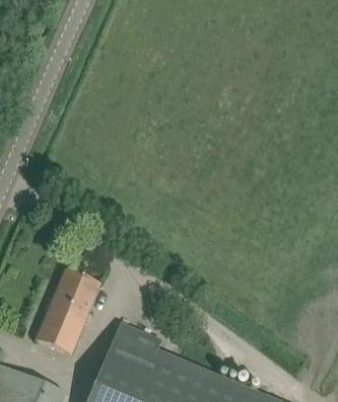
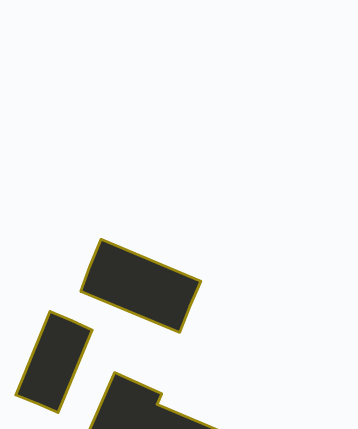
building: none -> [81,239,201,332]

